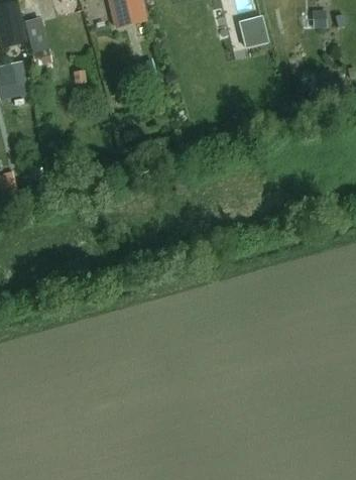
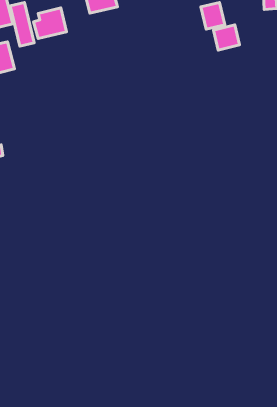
building: none -> [33,8,67,39]
building: none -> [213,25,240,50]

